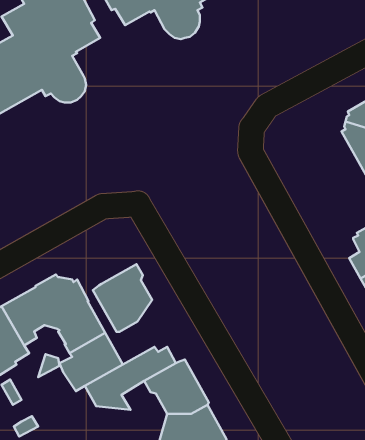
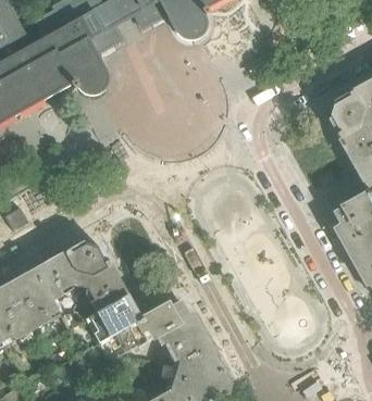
building: [93,264,152,332] -> none

